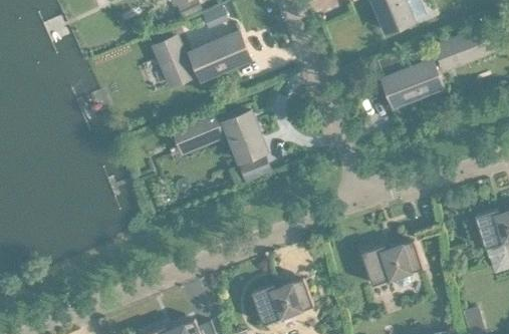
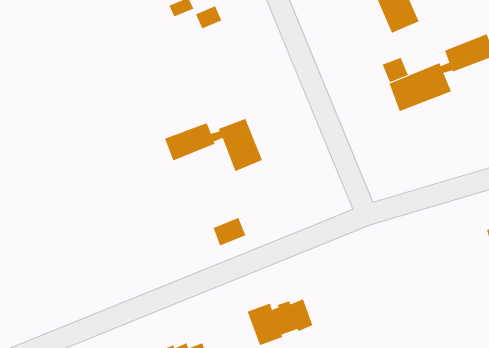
building: [155,32,249,85] -> none
building: [239,154,270,182] -> [213,217,246,246]
building: [359,242,422,285] -> none

